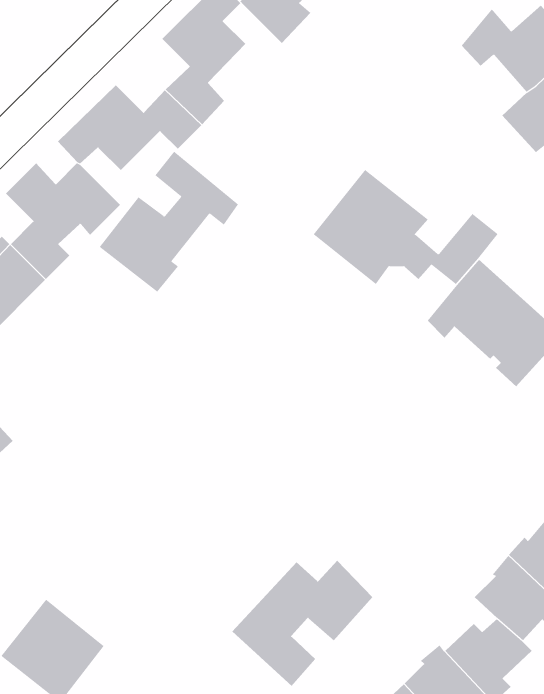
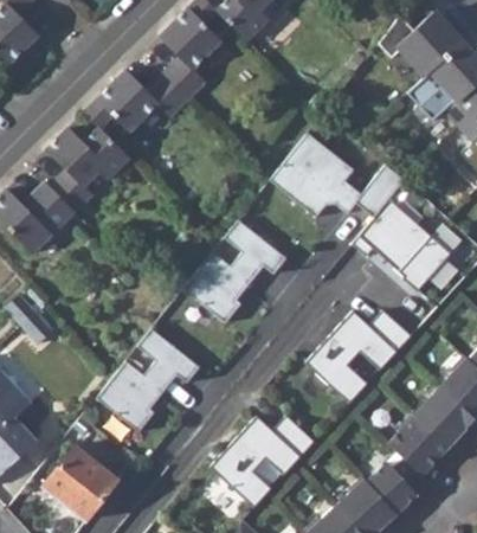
building: [99,151,239,292] -> [183,218,285,321]
building: none -> [307,309,412,403]
building: none -> [96,328,199,430]

